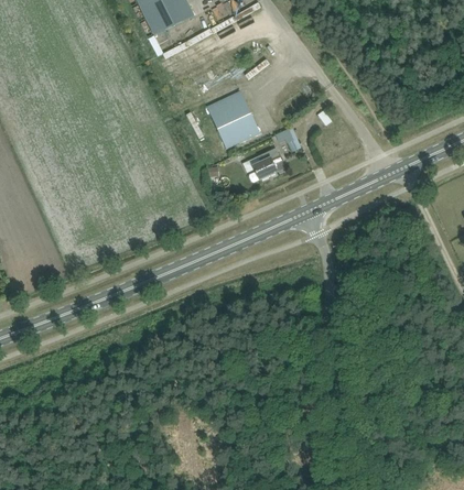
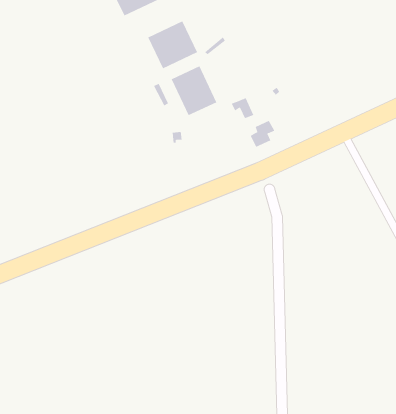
building: none -> [148,20,198,69]
building: [252,148,281,178] -> [250,120,275,147]

